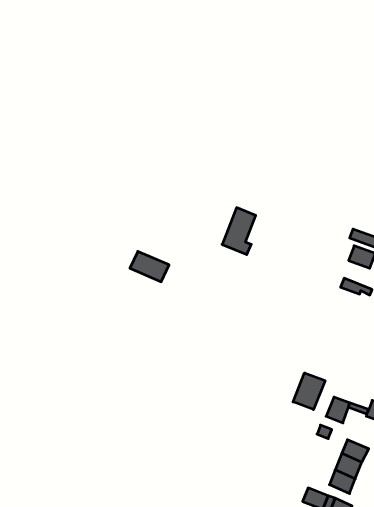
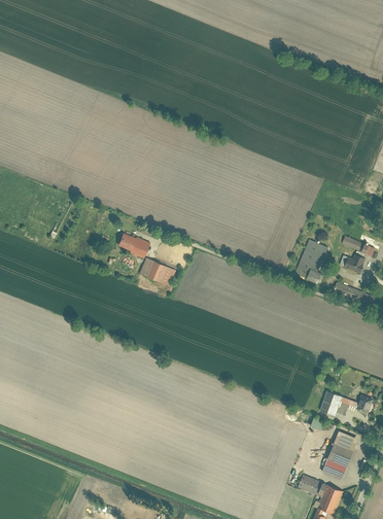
building: [222,208,256,255] -> [294,238,325,281]
building: none -> [120,234,152,259]
building: [293,373,325,410] -> none

